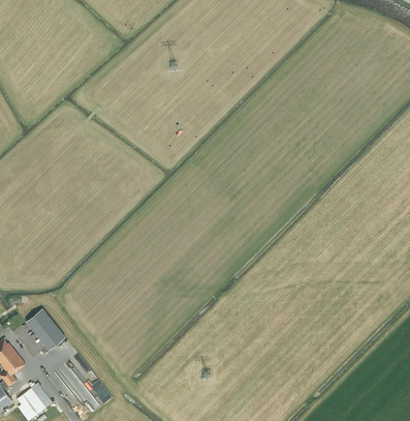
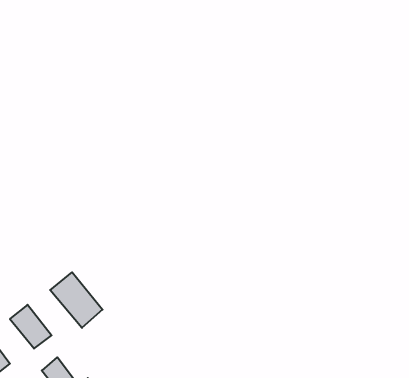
building: none -> [50,272,103,328]

